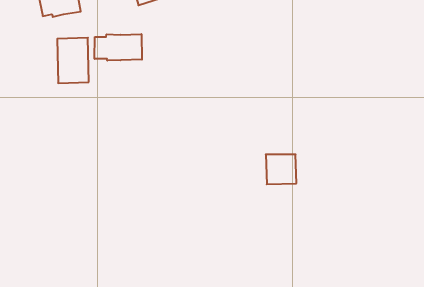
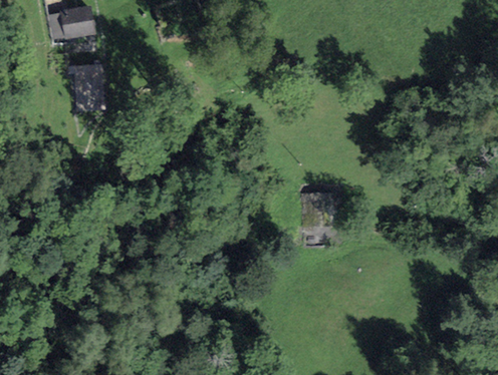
building: [95,34,142,61] -> none

